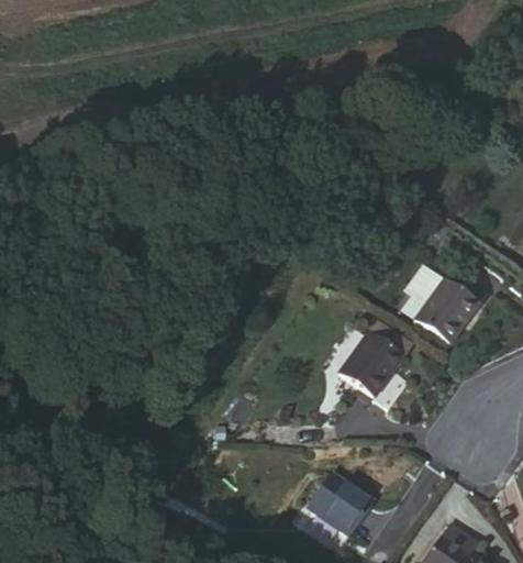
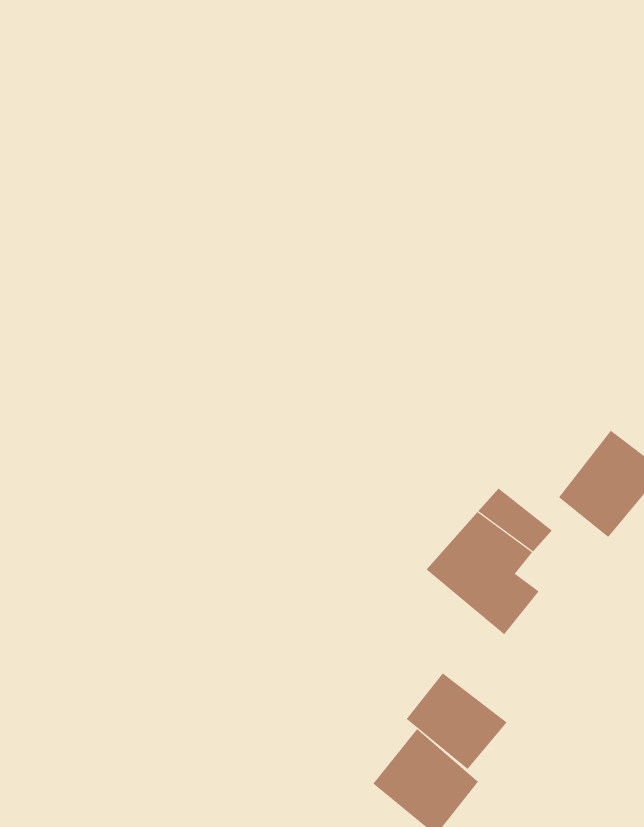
building: [400,263,446,322] -> none
building: none -> [406,673,508,770]

